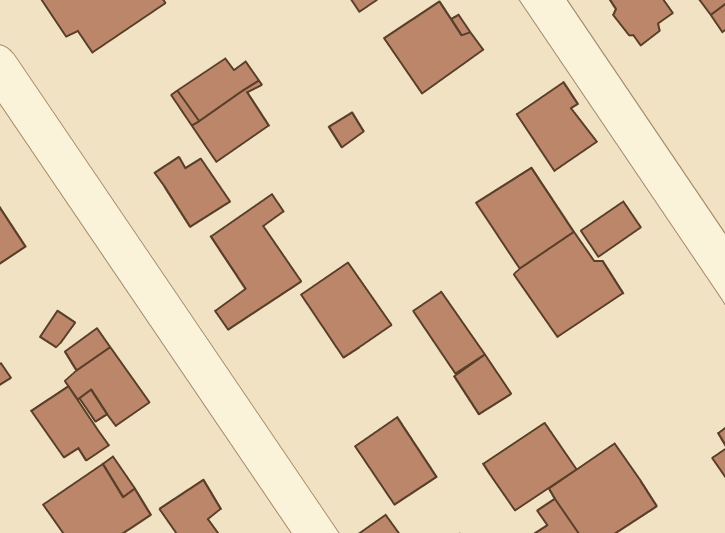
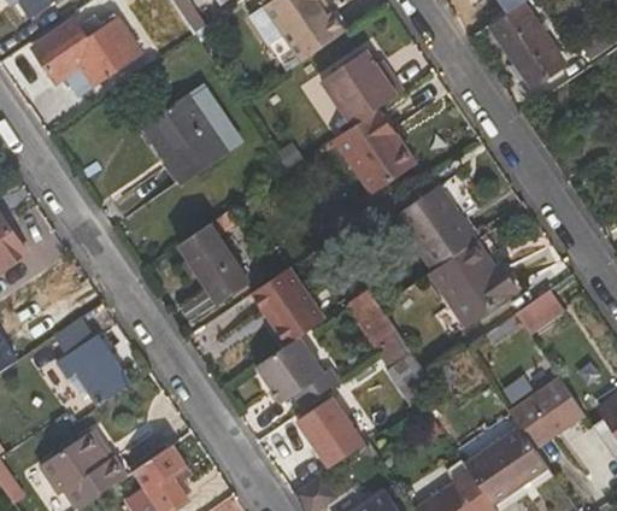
building: [517,82,597,171] -> [336,113,402,187]
building: [155,157,230,227] -> none
building: [581,201,641,257] -> [516,289,565,335]
building: none -> [258,335,341,407]
building: [31,386,109,460] -> none
building: [483,423,576,510] -> [506,374,583,446]

